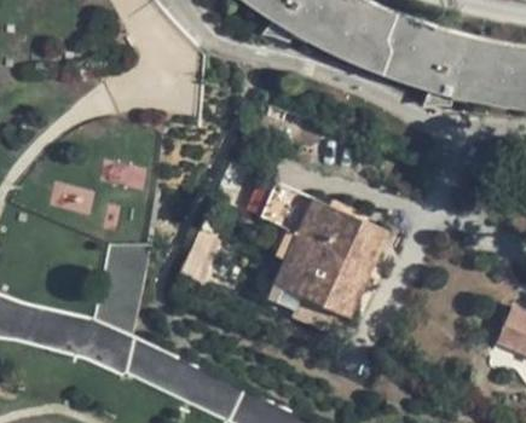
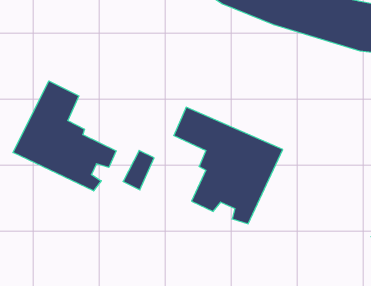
building: none -> [13,81,116,191]

